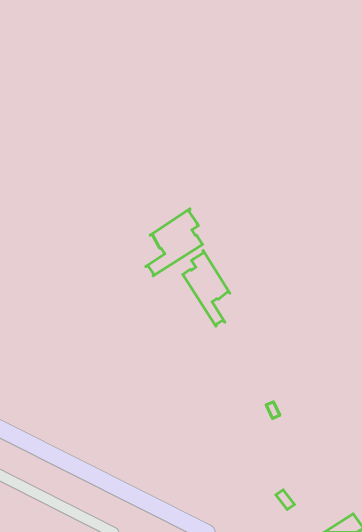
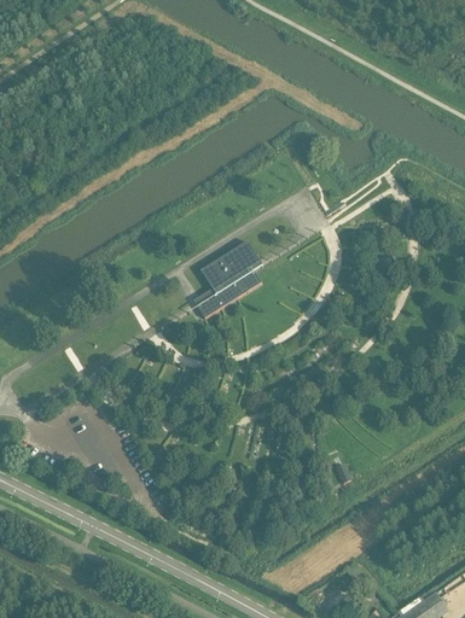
building: [183,251,230,326] -> none

